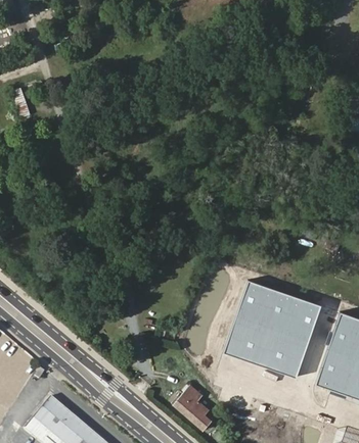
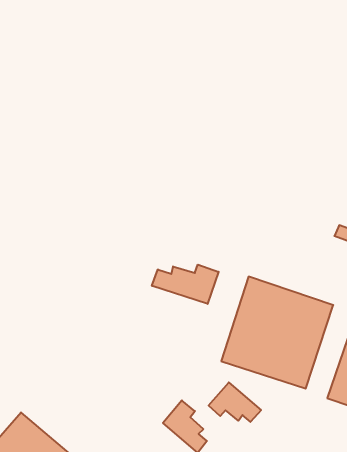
building: none -> [152,265,219,304]
building: none -> [209,382,261,422]

